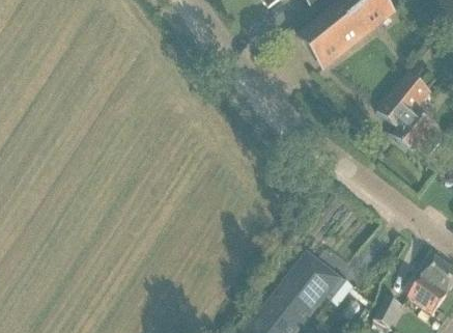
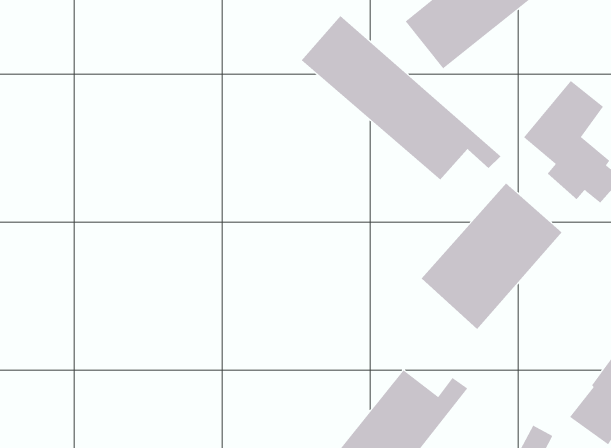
building: none -> [301,15,501,180]
building: none -> [421,183,563,330]

